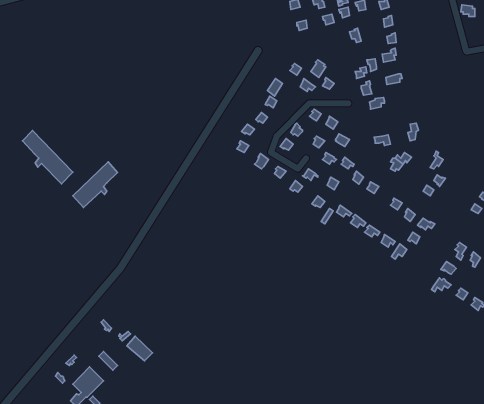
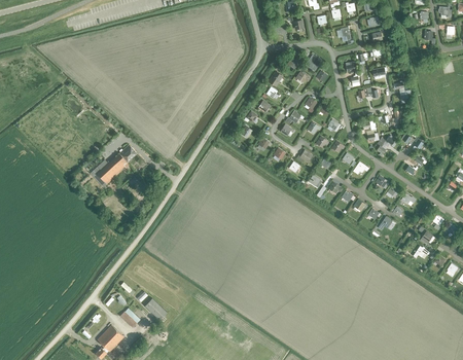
building: [23,130,73,184] -> none

